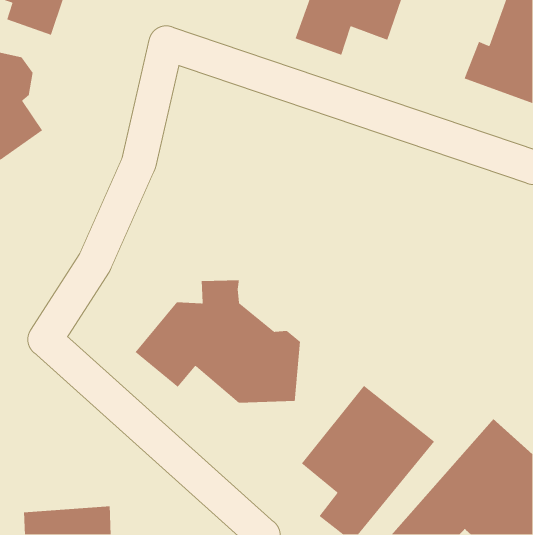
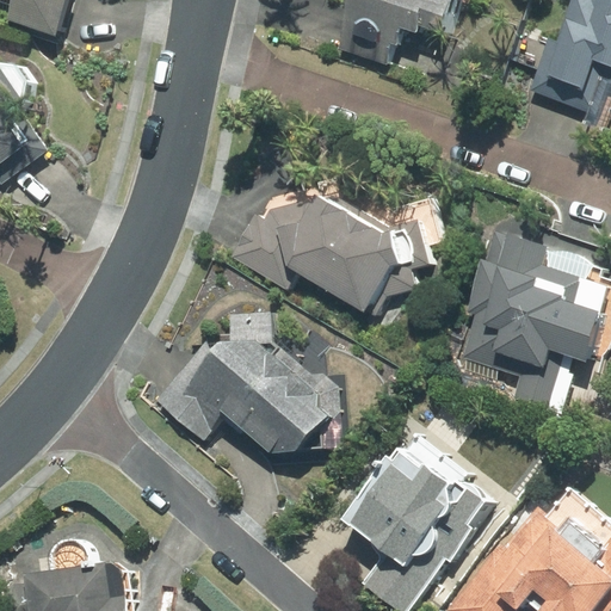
building: none -> [228,199,418,315]
building: none -> [461,233,600,412]

